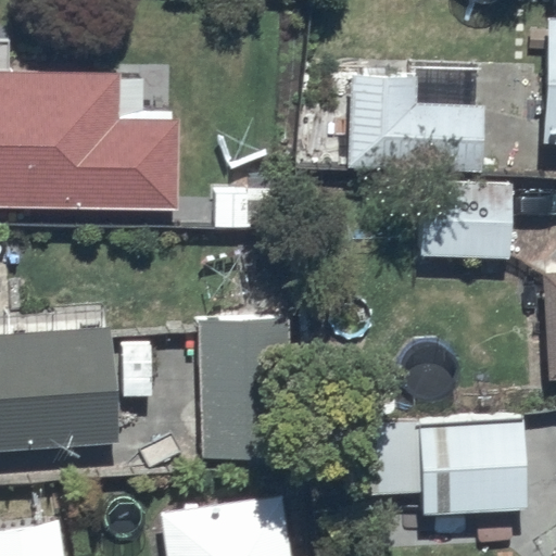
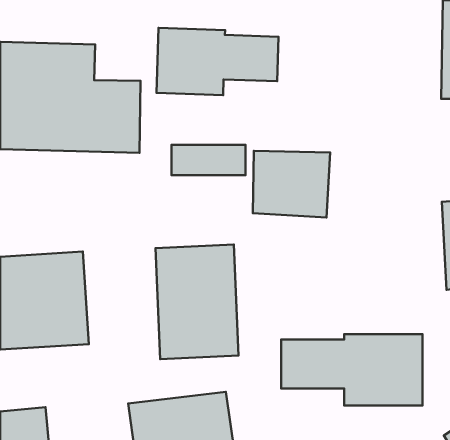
building: none -> [157,28,279,95]
building: [349,70,484,168] -> none
building: [421,178,516,260] -> [253,151,330,217]

